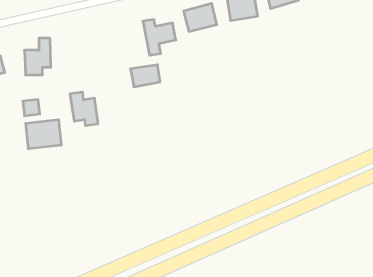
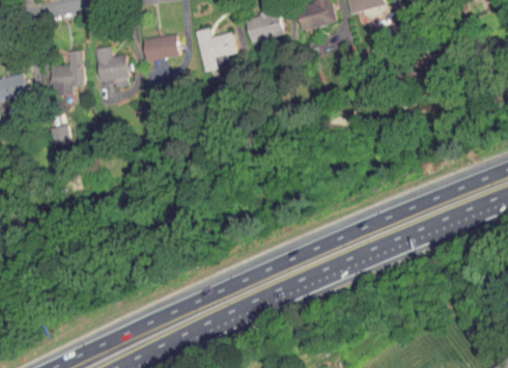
building: [130,65,160,87] -> [142,35,178,62]
building: [70,92,98,125] -> [94,48,129,88]
building: [26,120,61,149] -> none

